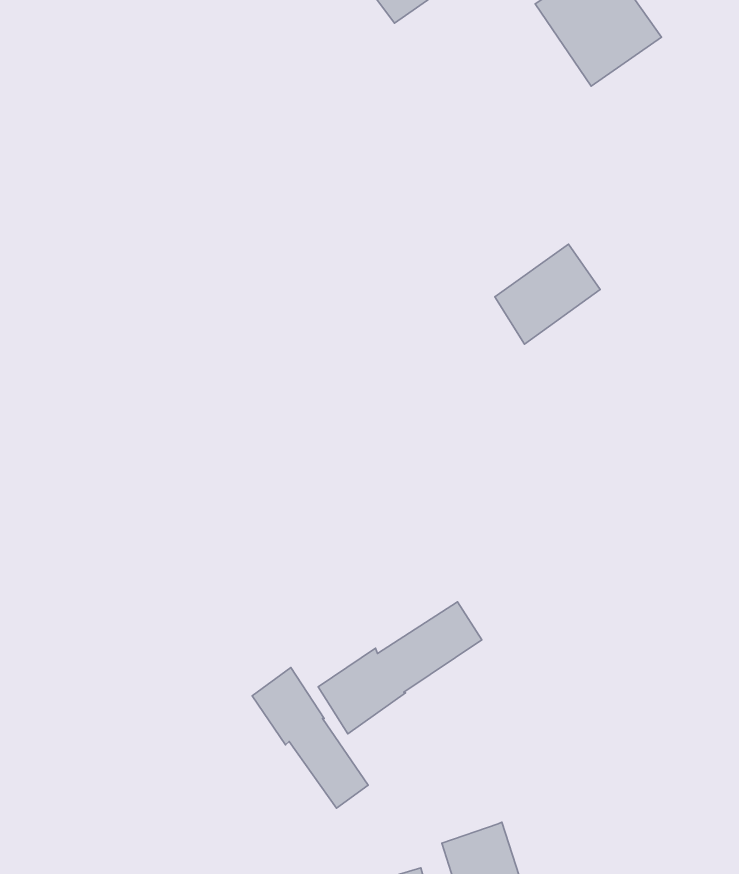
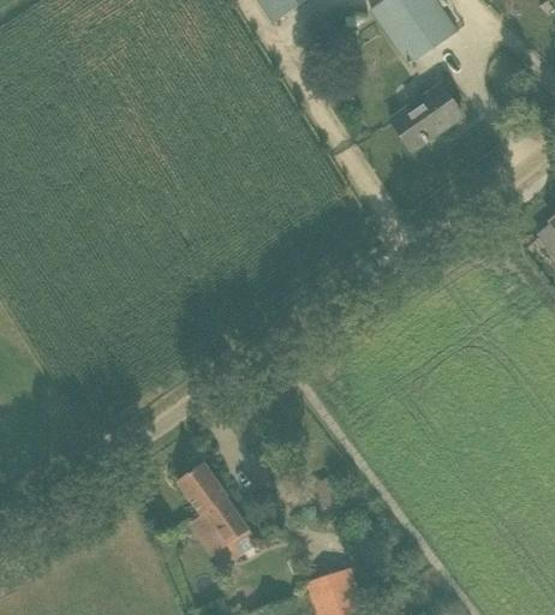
building: [495,244,600,344] -> [390,84,462,153]
building: [318,602,482,734] -> none

